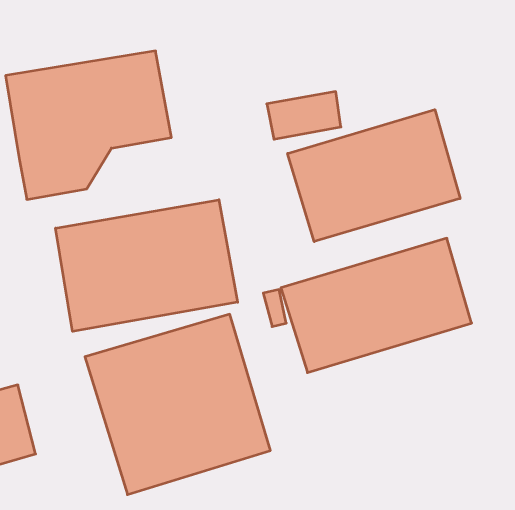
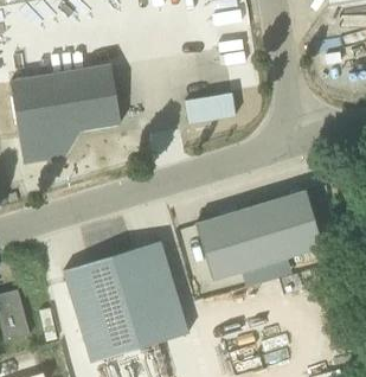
building: [288,110,460,242] -> none
building: [56,200,238,331] -> none

